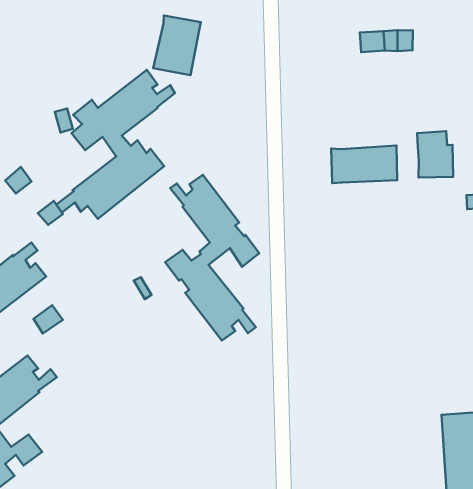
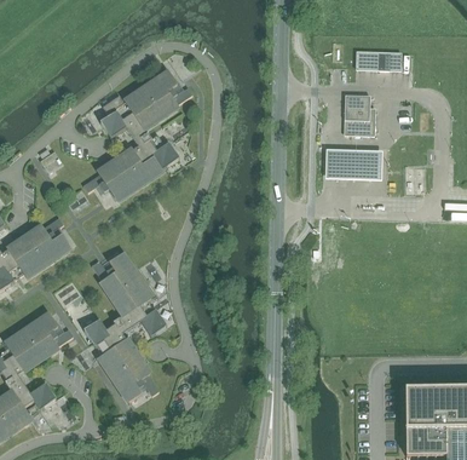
building: [153,15,201,75] -> none
building: [417,131,453,178] -> [344,94,375,134]
building: [165,175,259,340] -> [83,254,166,399]

